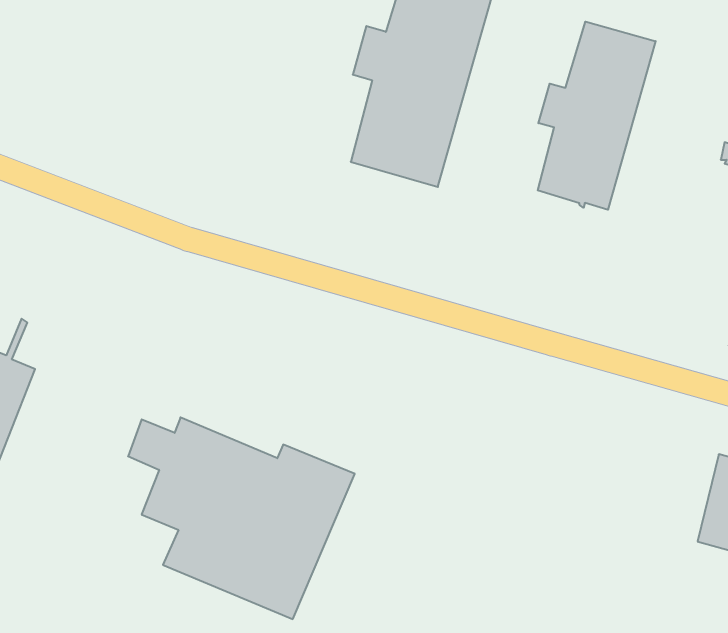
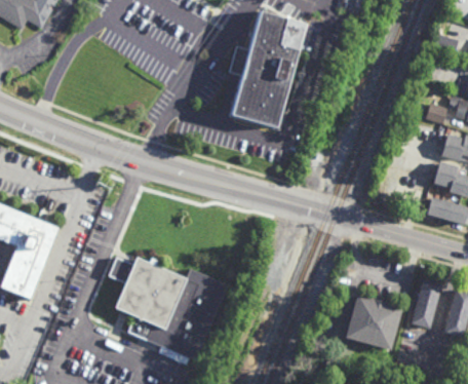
building: [538,22,656,210] -> none
building: none -> [344,287,401,343]

